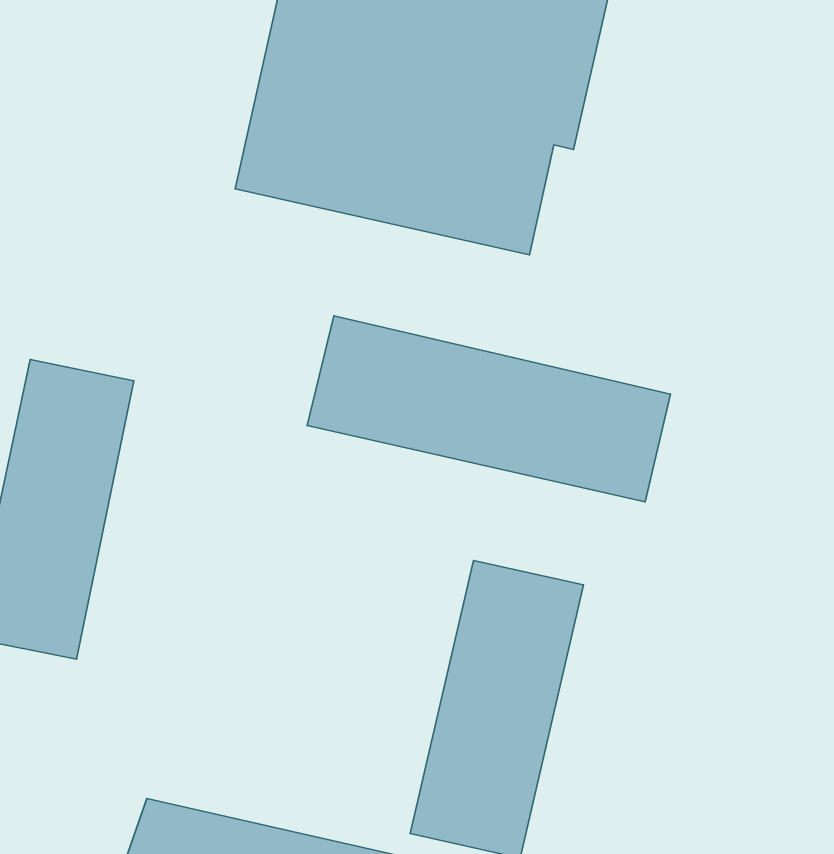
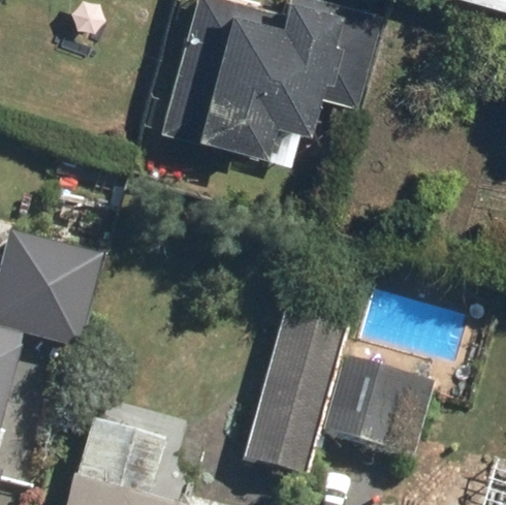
building: [307,316,671,502] -> none
building: none -> [321,362,434,465]

